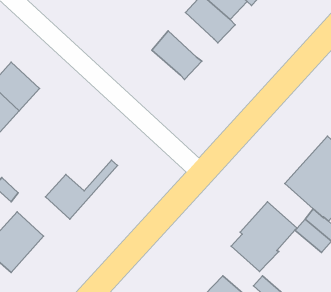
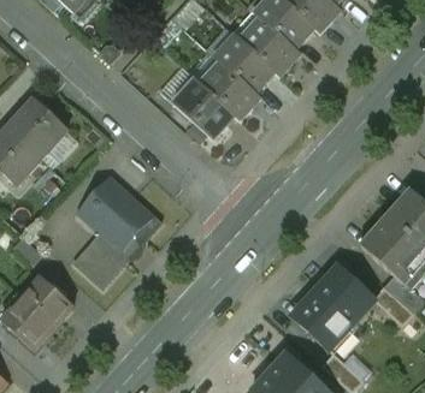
building: none -> [216,35,275,93]
building: none -> [173,79,235,138]
building: none -> [76,174,153,251]

